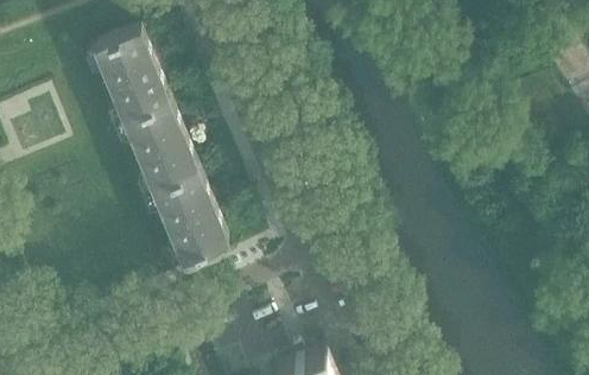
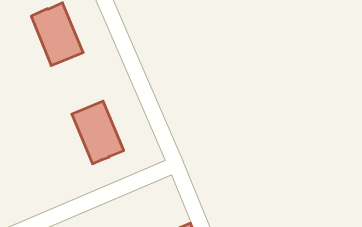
building: [122,106,197,195] -> none

